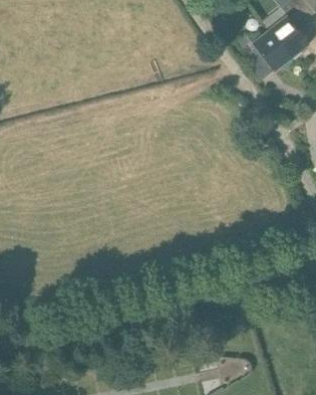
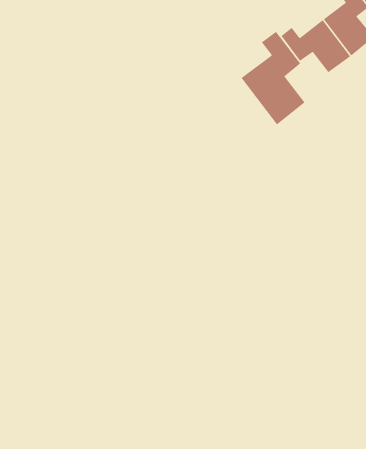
building: none -> [241,31,306,126]

